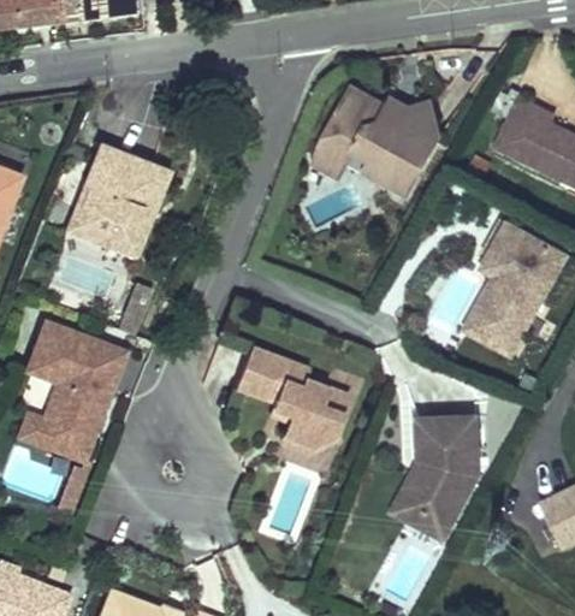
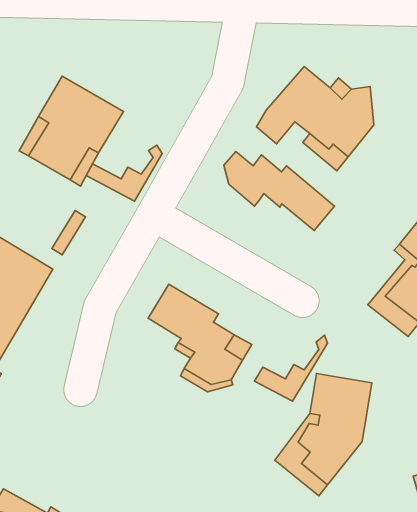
building: none -> [224,152,335,231]
building: none -> [86,145,162,201]
building: none -> [254,335,327,401]

